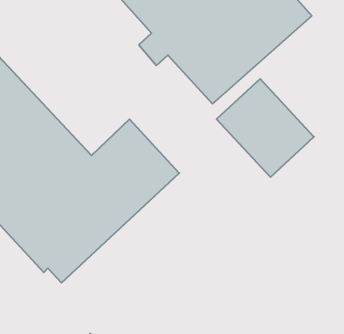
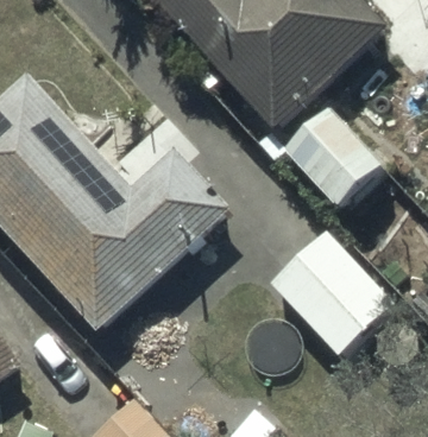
building: none -> [262,223,394,355]

